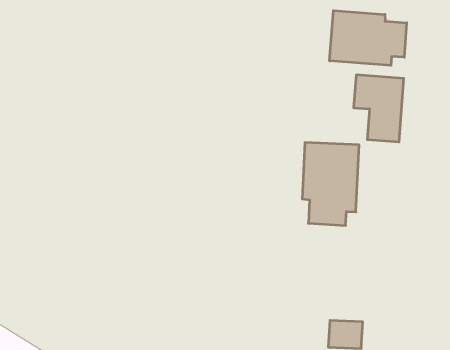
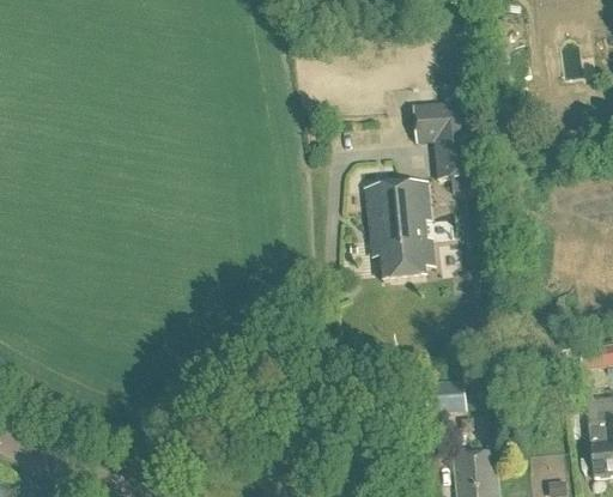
building: [330,11,407,65] -> none

